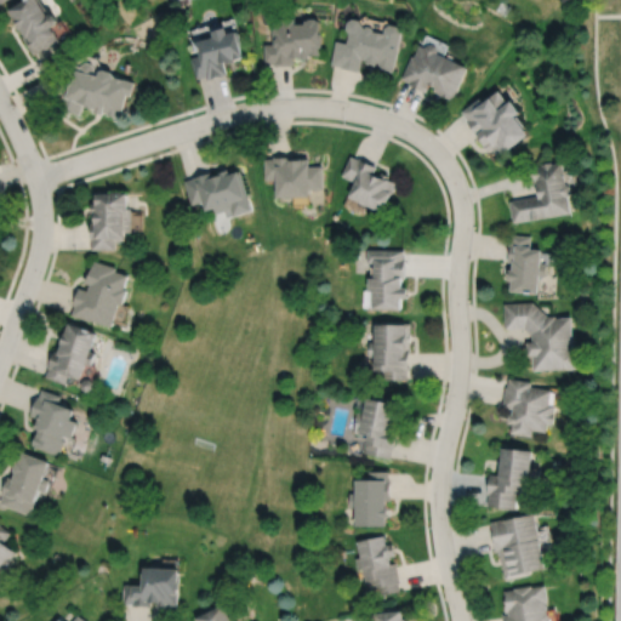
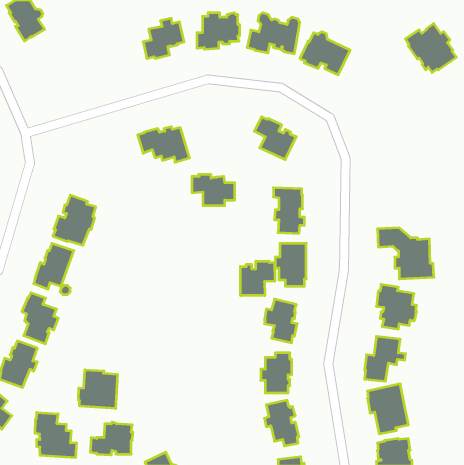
building: [57,62,135,118] -> none
building: [460,91,528,156] -> [405,23,456,73]
building: [263,156,320,198] -> [192,175,235,206]
building: [508,164,570,223] -> none
building: [89,193,131,250] -> none
building: [506,237,546,296] -> none
building: none -> [240,261,275,296]
building: none -> [78,370,117,409]
building: none -> [35,412,76,458]

